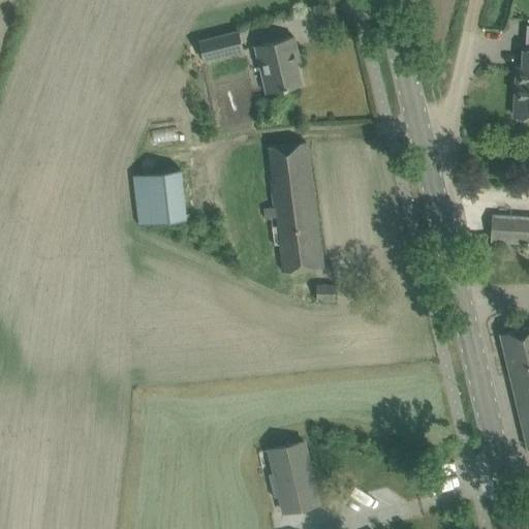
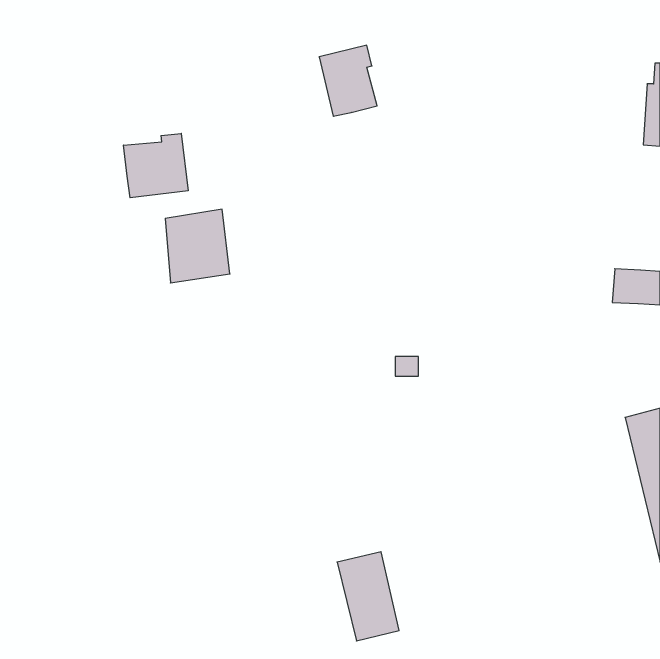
building: [199,32,244,60] -> none
building: none -> [124,133,188,198]
building: [254,143,321,273] -> none

